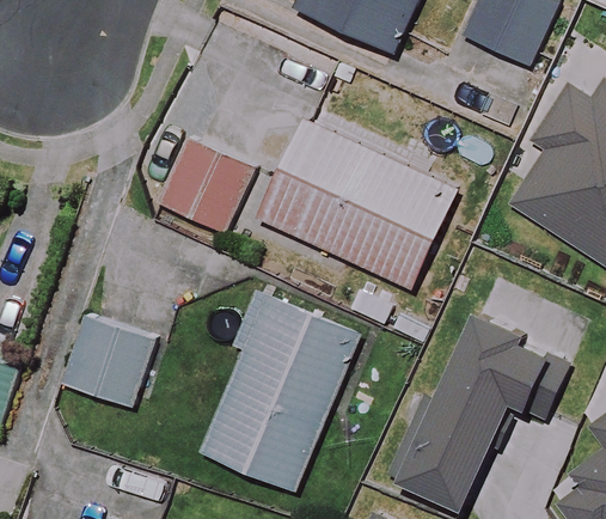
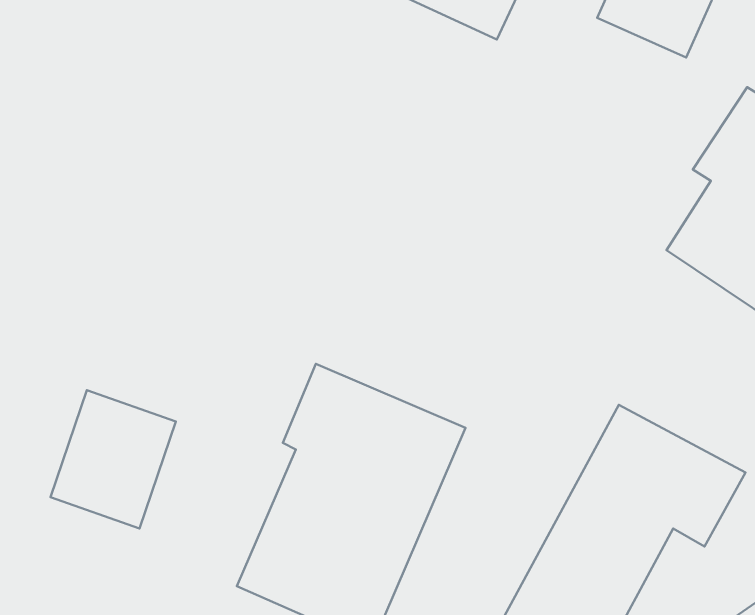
building: [258,123,453,288] -> none
building: [157,136,256,233] -> none

